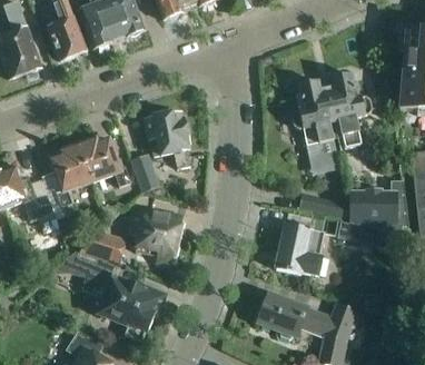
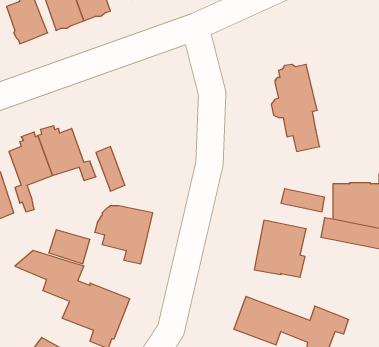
building: [324,70,372,146] -> none
building: [145,110,190,167] -> none

